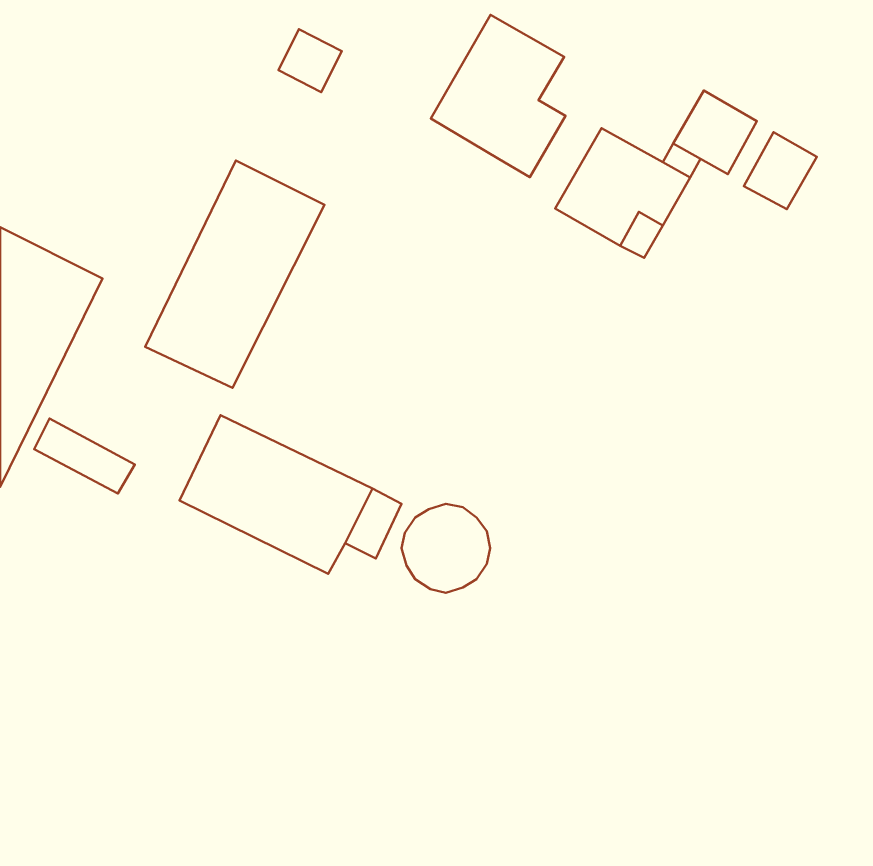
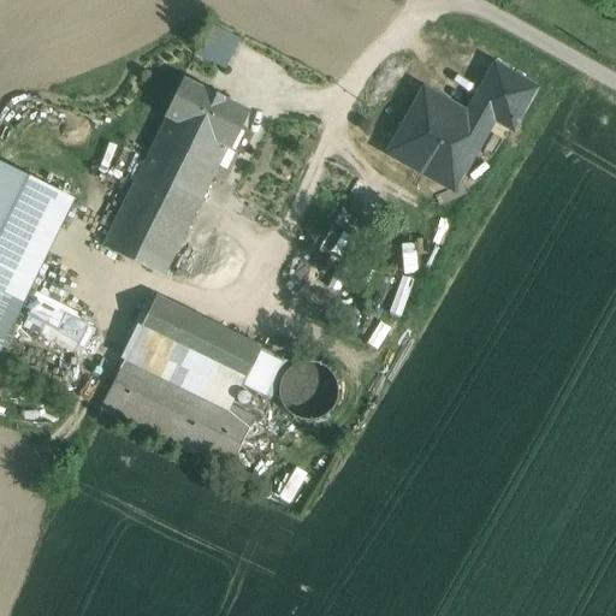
building: [431,15,565,177] -> none
building: none -> [165,75,249,146]
building: [744,132,817,209] -> none
building: none -> [100,353,254,467]

